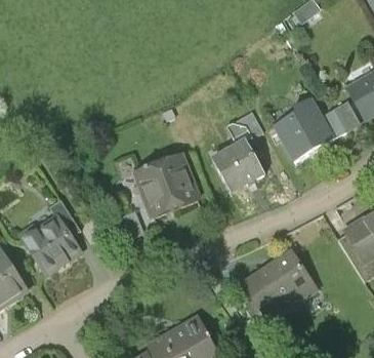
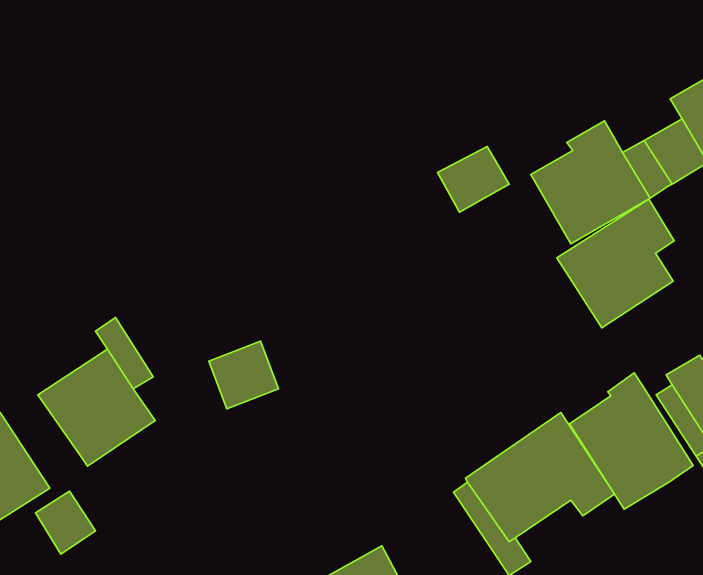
building: none -> [557,199,674,328]
building: [213,140,264,191] -> none
building: [133,154,198,218] -> none
building: none -> [570,373,693,509]
building: none -> [35,491,96,554]

